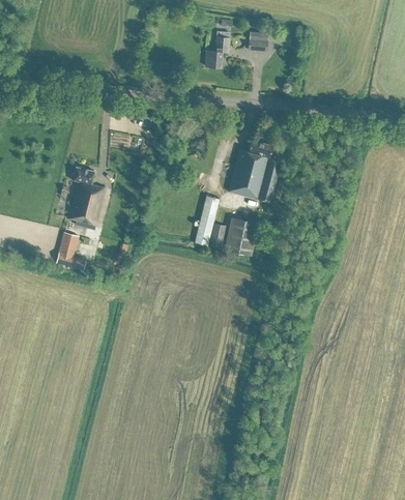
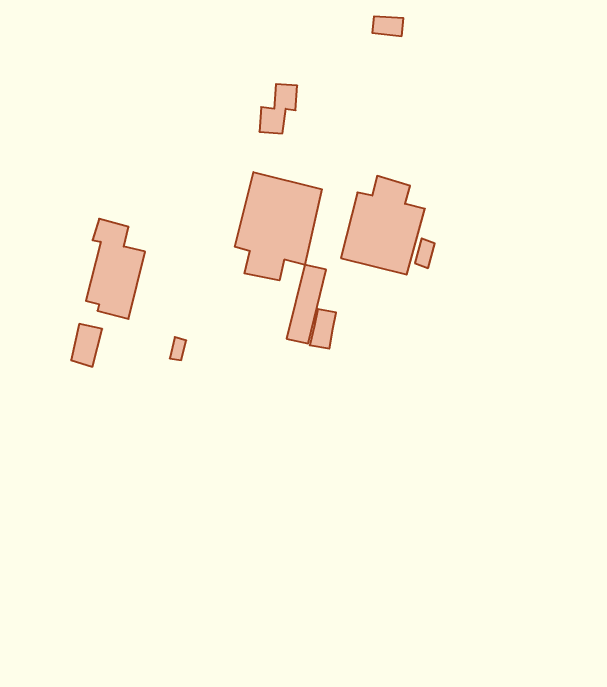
building: [205,36,229,67] -> [259,84,297,133]
building: none -> [235,172,322,280]
building: [224,216,258,255] -> none

